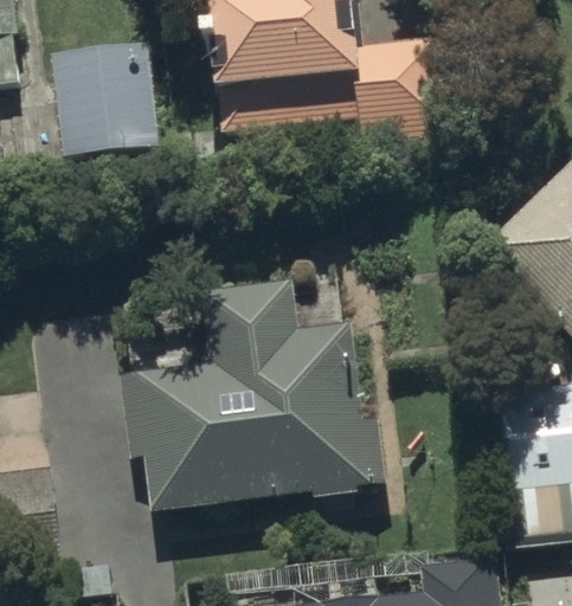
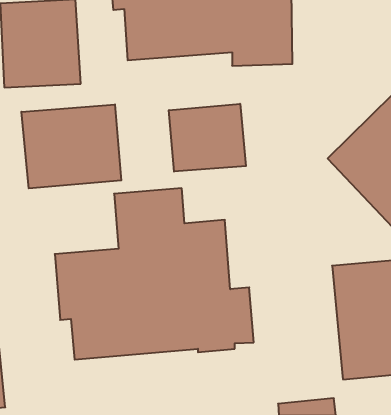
building: none -> [169,104,246,172]
building: none -> [21,104,121,188]

